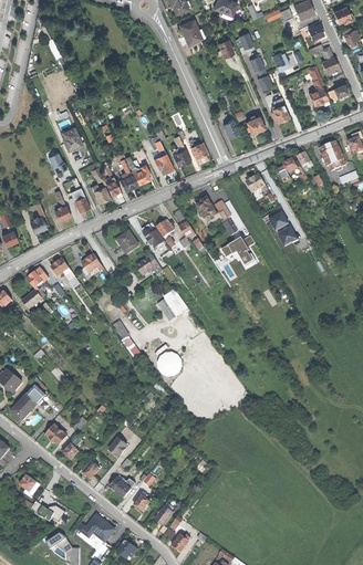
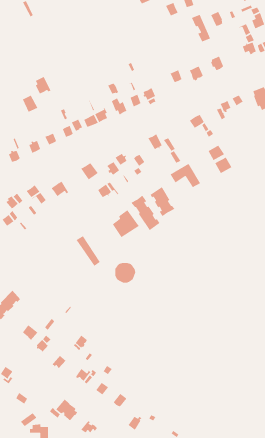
building: none -> [150,186,176,217]
building: none -> [130,194,161,231]

